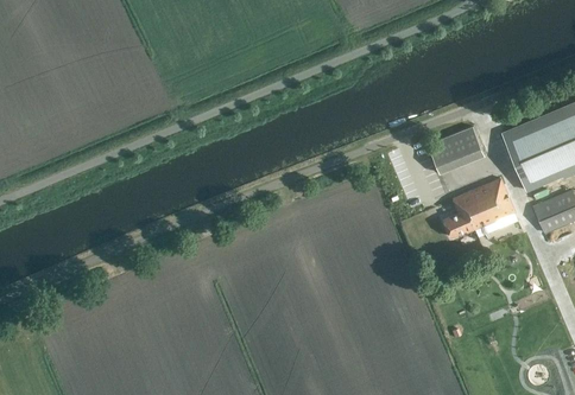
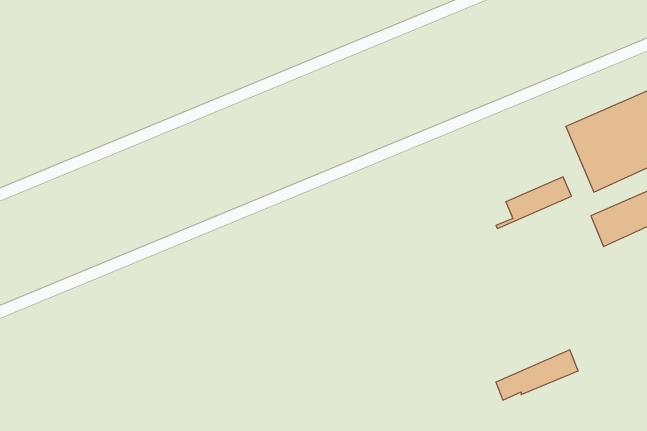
building: [428,126,484,172] -> none
building: [444,193,514,236] -> [496,350,578,400]

